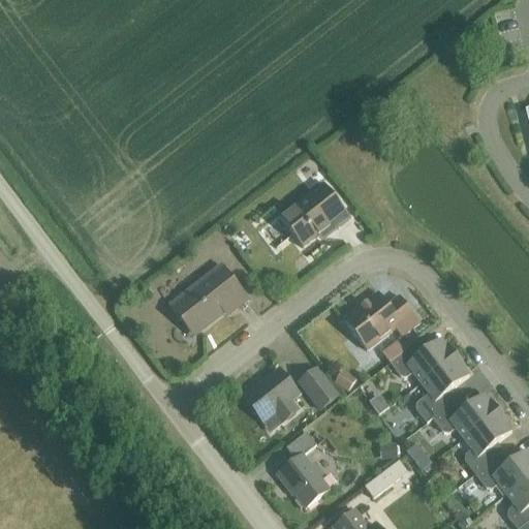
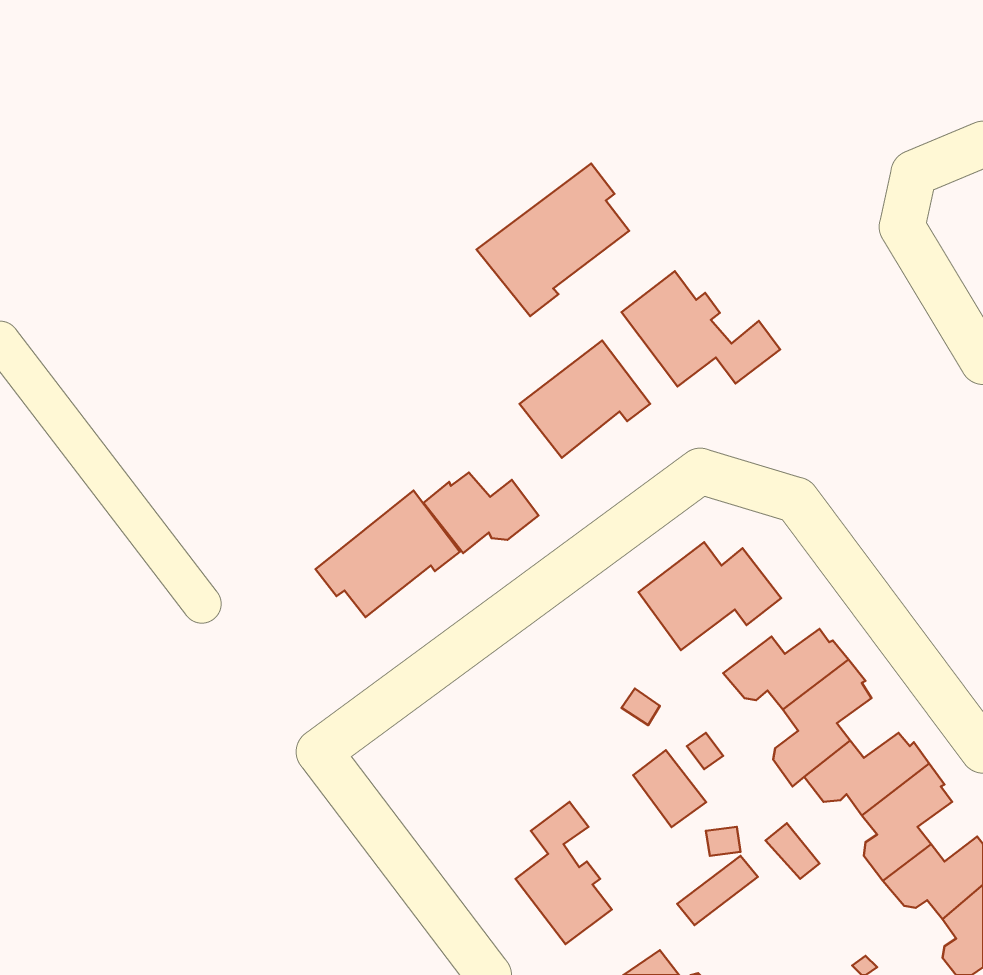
building: none -> [476,164,629,316]
building: none -> [621,271,780,386]
building: none -> [424,472,539,553]
building: [244,369,297,419] -> none
building: [298,369,337,410] -> [633,750,706,827]

